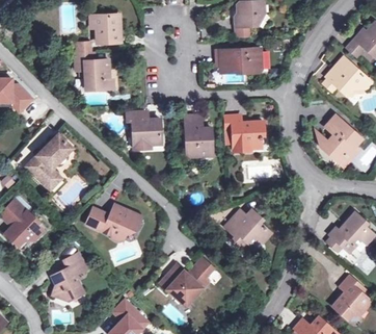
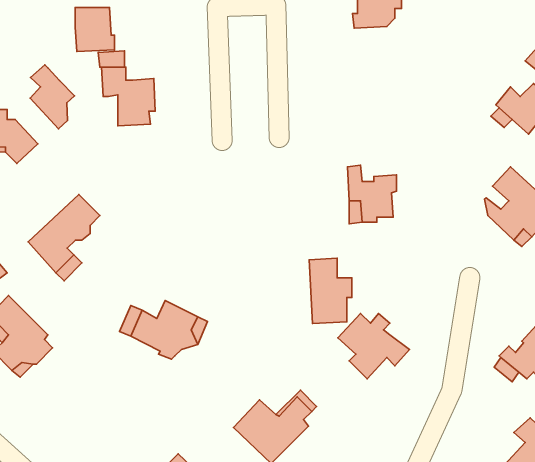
building: [96,15,120,43] -> [75,8,114,52]
building: [220,50,261,74] -> none
building: none -> [30,65,75,129]
building: [127,111,162,148] -> none
building: [185,117,212,158] -> [309,258,352,323]
building: [52,252,86,300] -> none

